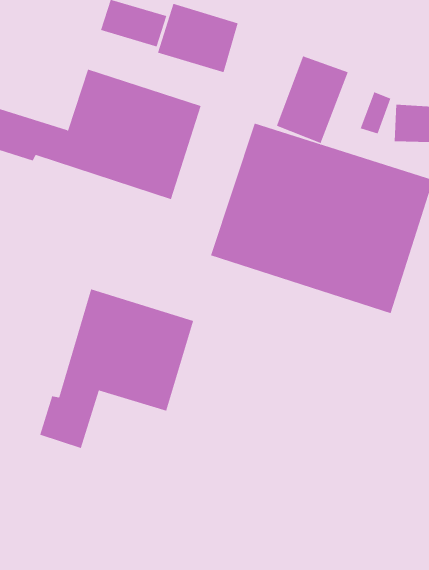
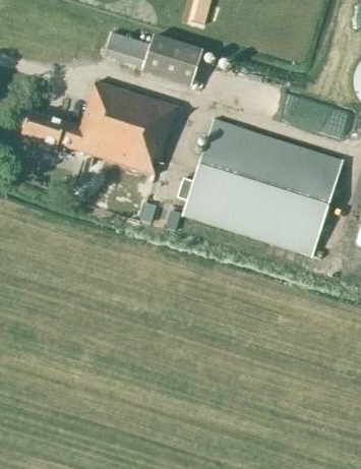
building: [276,55,348,144] -> none
building: [39,288,194,449] -> none

